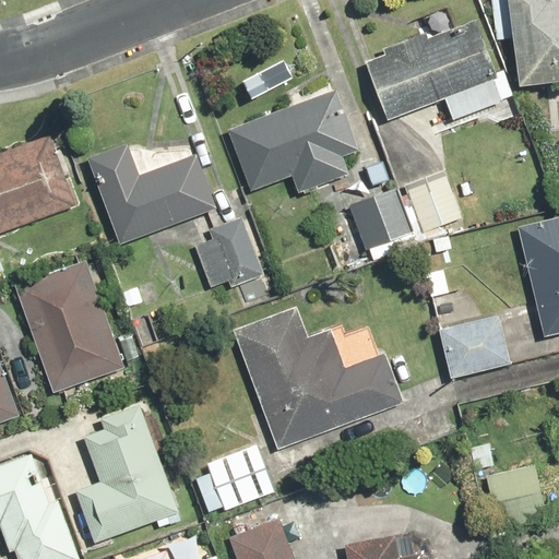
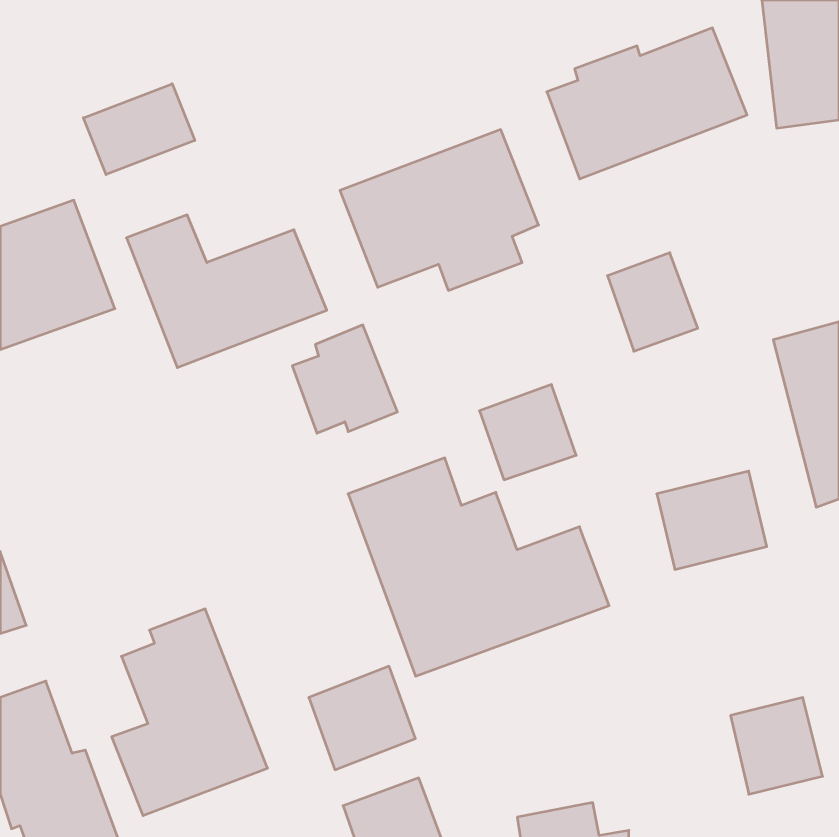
building: none -> [83,84,195,175]
building: [347,188,412,251] -> [479,385,576,480]
building: [14,259,126,393] -> none

